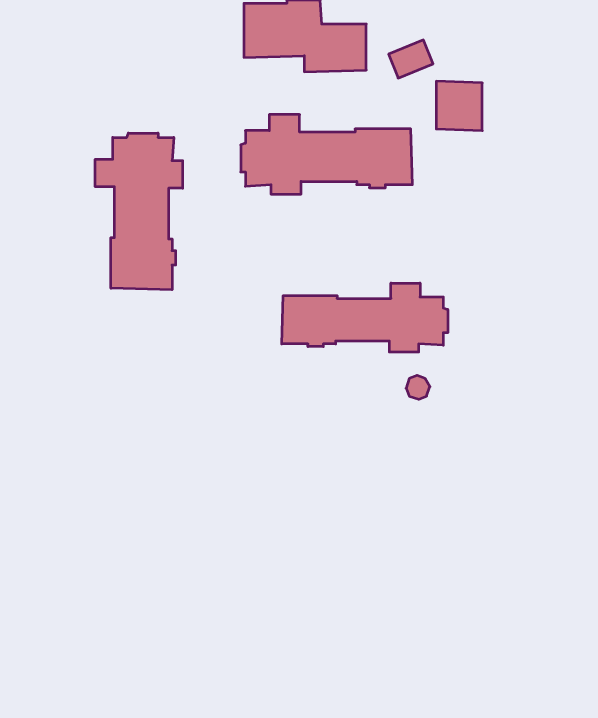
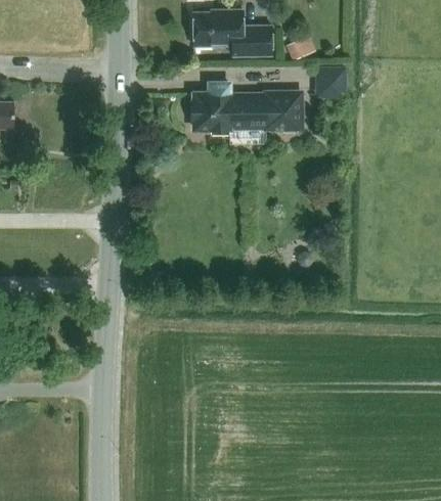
building: [95,133,183,290] -> none
building: [282,283,448,352] -> none

